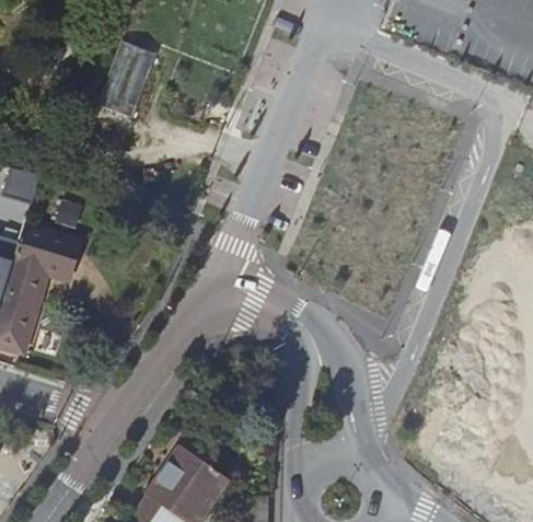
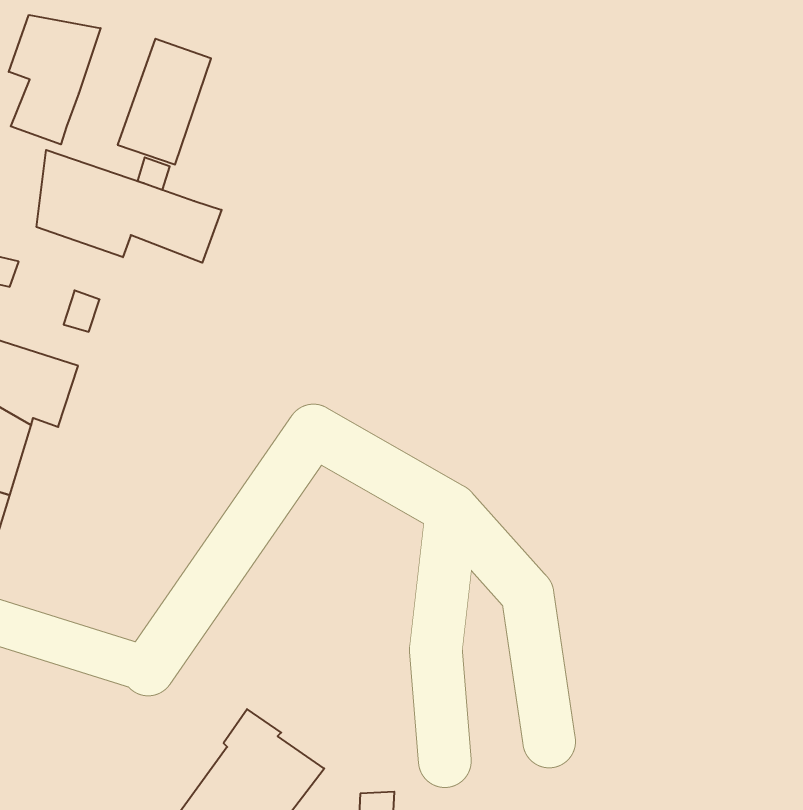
building: none -> [9,15,101,144]
building: none -> [37,150,222,263]

